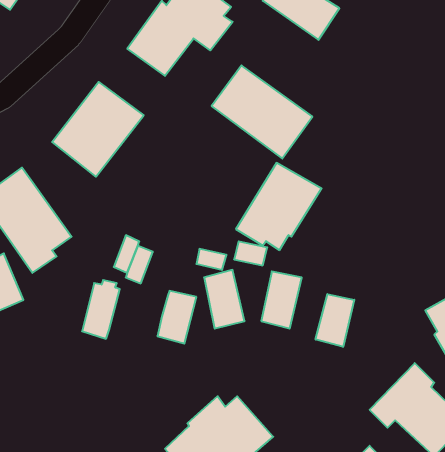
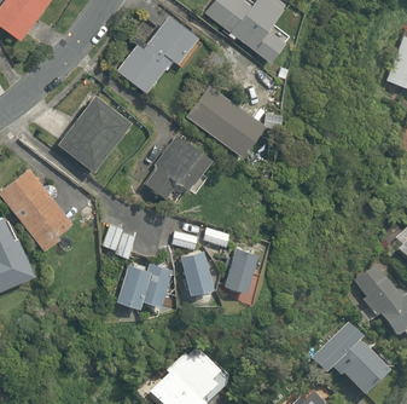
building: [236,163,322,250] -> [144,132,213,202]
building: [82,280,120,339] -> [120,260,150,307]
building: [316,294,354,347] -> none

